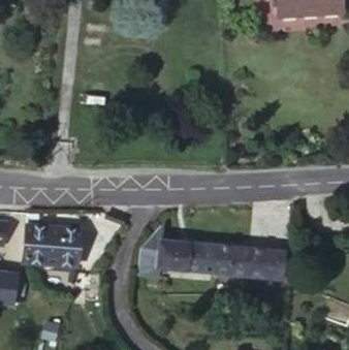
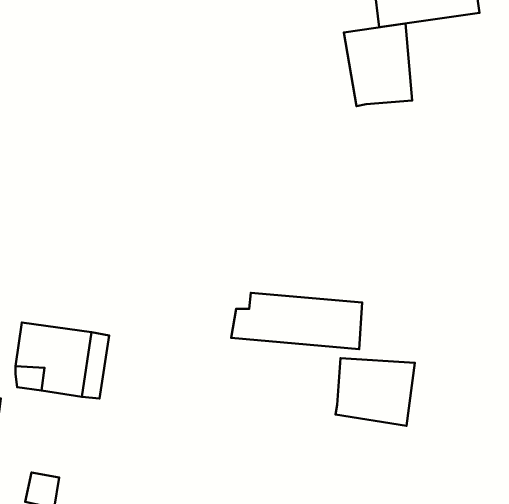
building: none -> [344,23,412,106]
building: [156,240,240,276] -> [231,293,362,349]

